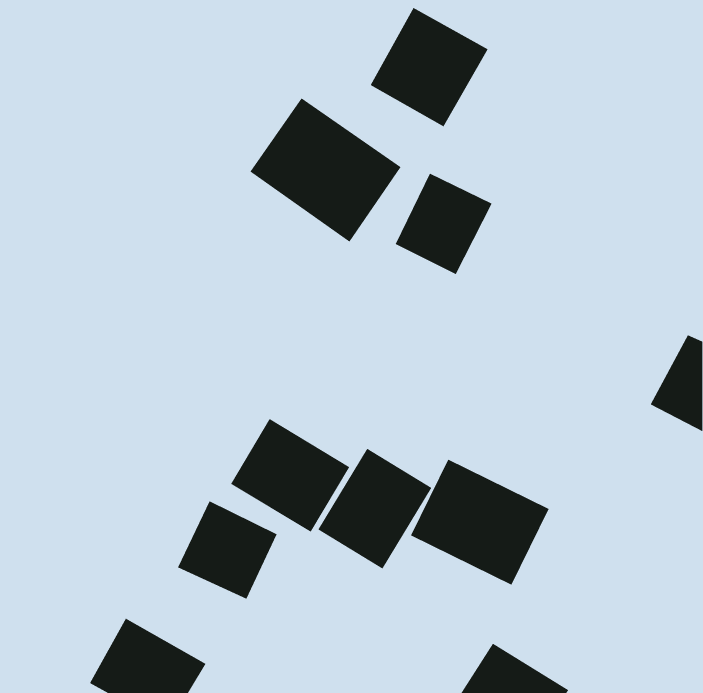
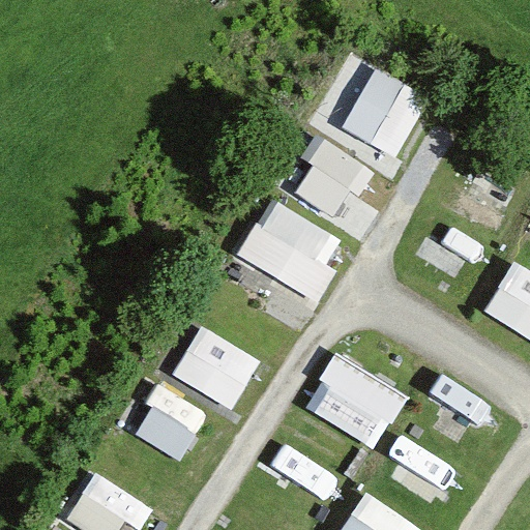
building: [370,7,488,127] -> [341,68,429,157]
building: [249,97,401,242] -> [235,199,348,306]
building: [318,448,432,569] -> none

